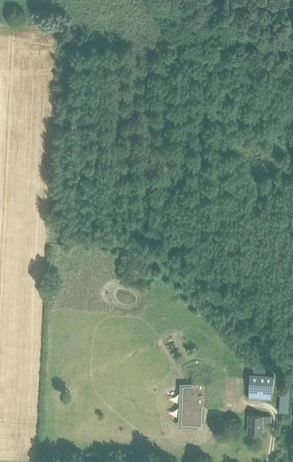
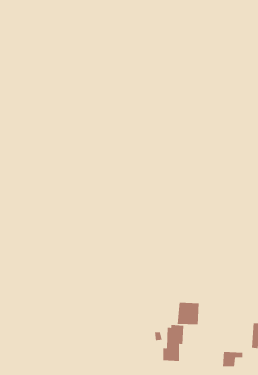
building: [246,375,271,400] -> [177,302,200,325]

